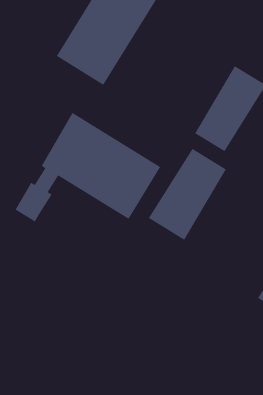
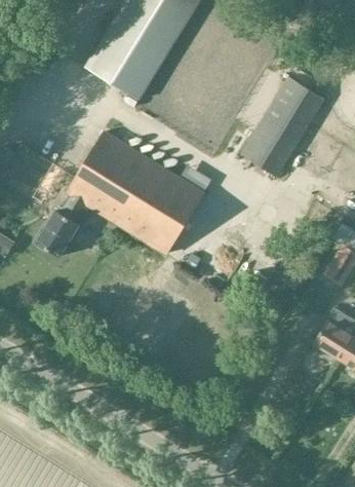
building: [148,148,227,241] -> none

